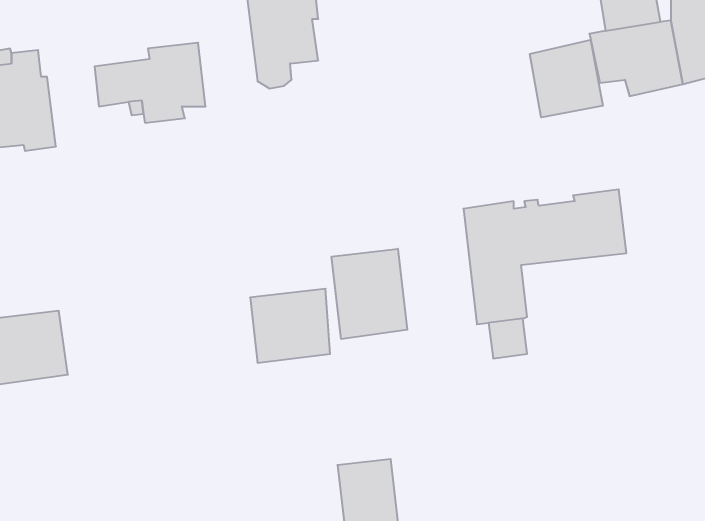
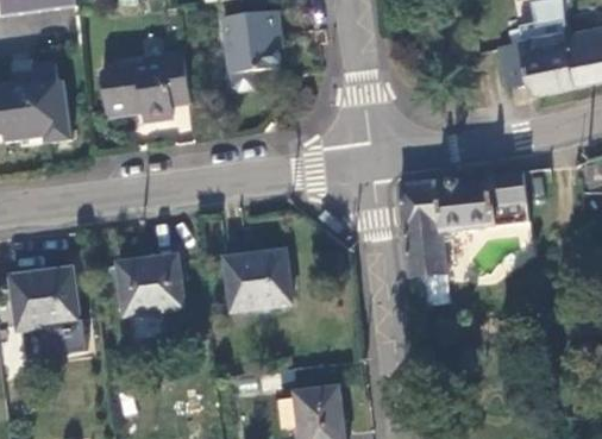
building: [530,40,603,117] -> none
building: [332,249,407,339] -> none
building: none -> [119,256,184,315]

